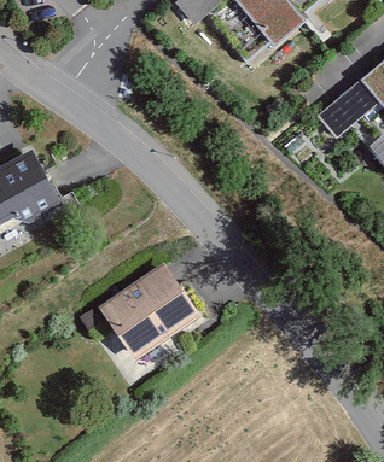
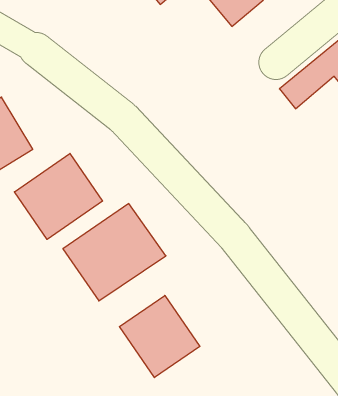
building: none -> [14,153,103,239]
building: none -> [119,295,200,378]

